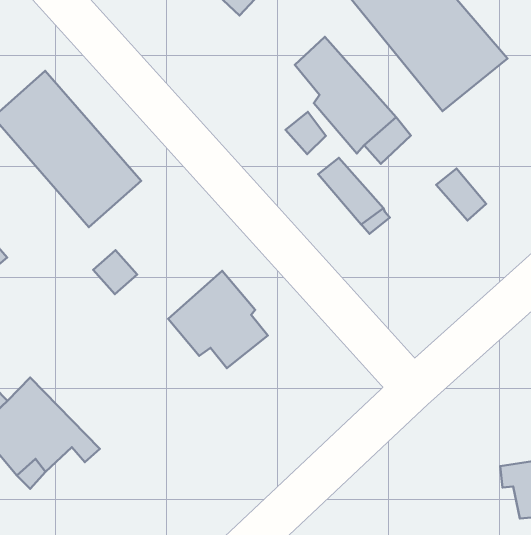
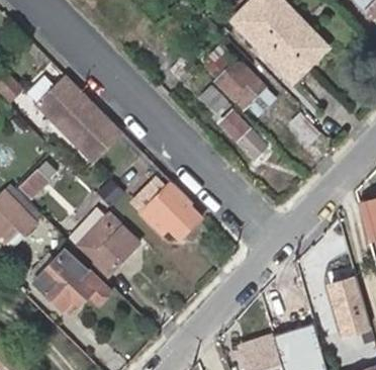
building: none -> [78,218,139,274]

